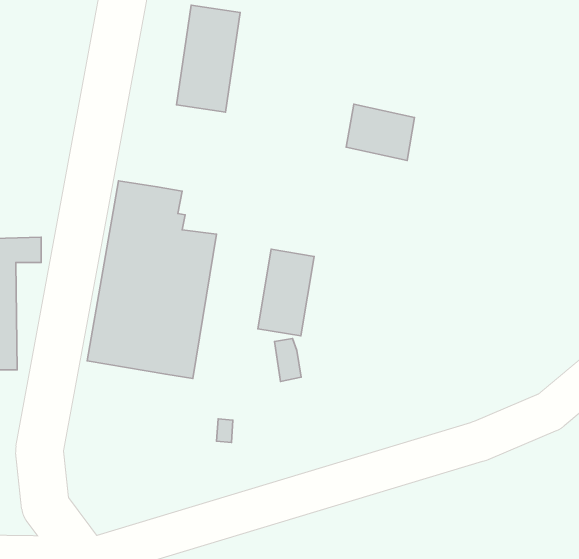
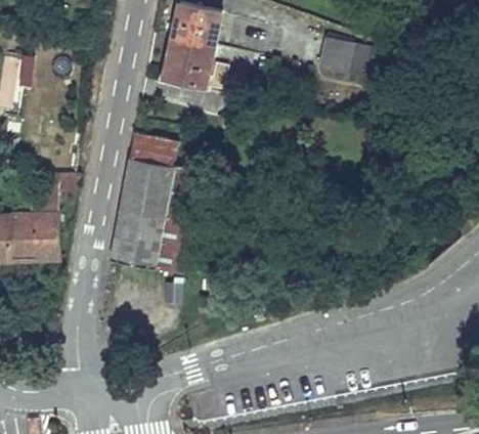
building: [346,104,415,161] -> [323,47,371,86]
building: [258,249,314,336] -> none

